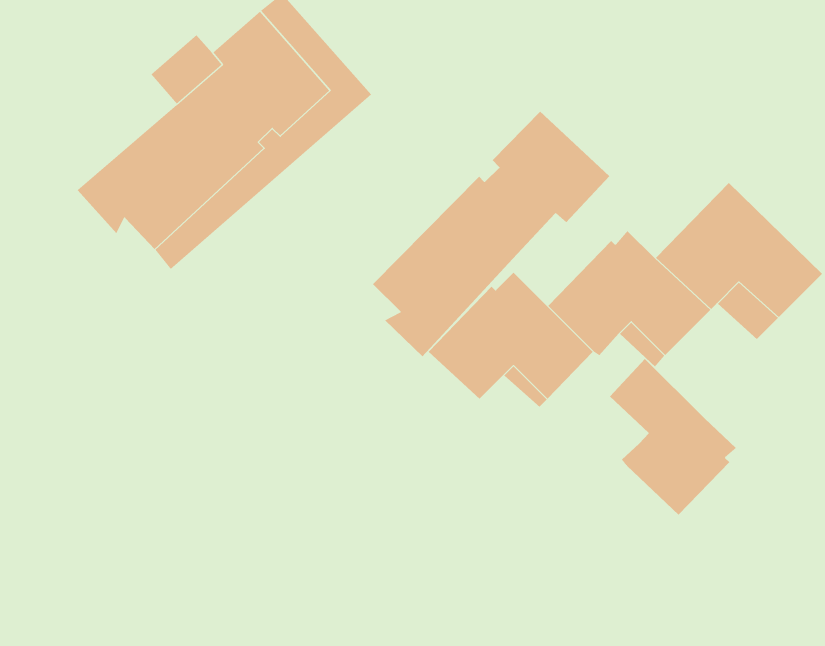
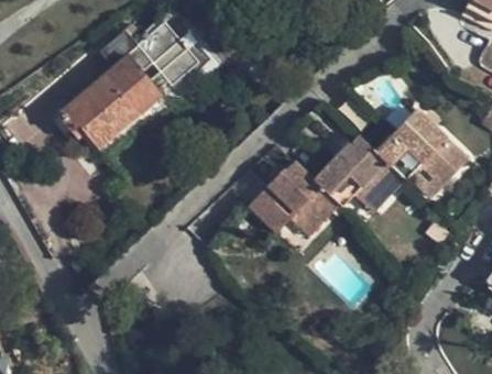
building: [372,111,610,357] -> none
building: [609,358,737,515] -> none

